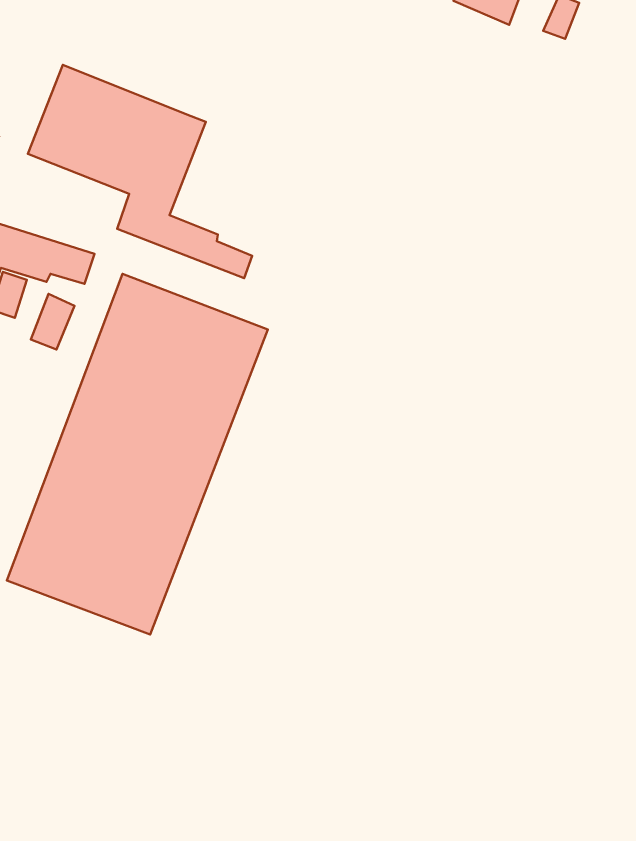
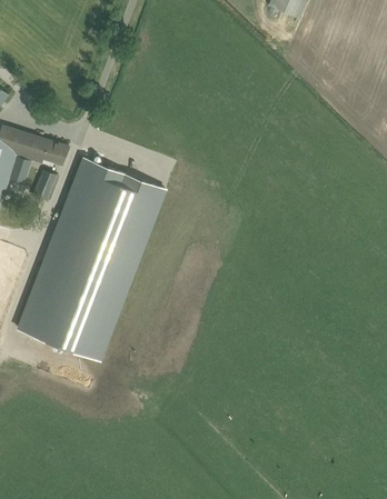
building: [28,65,252,278] -> none

